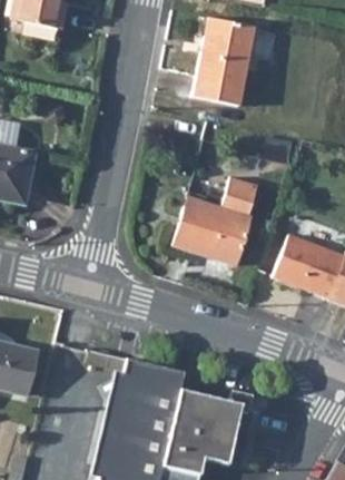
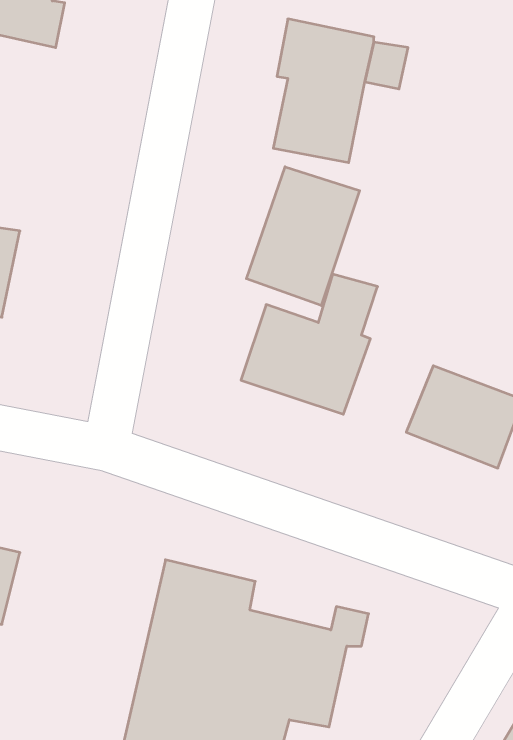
building: none -> [246,167,360,306]

